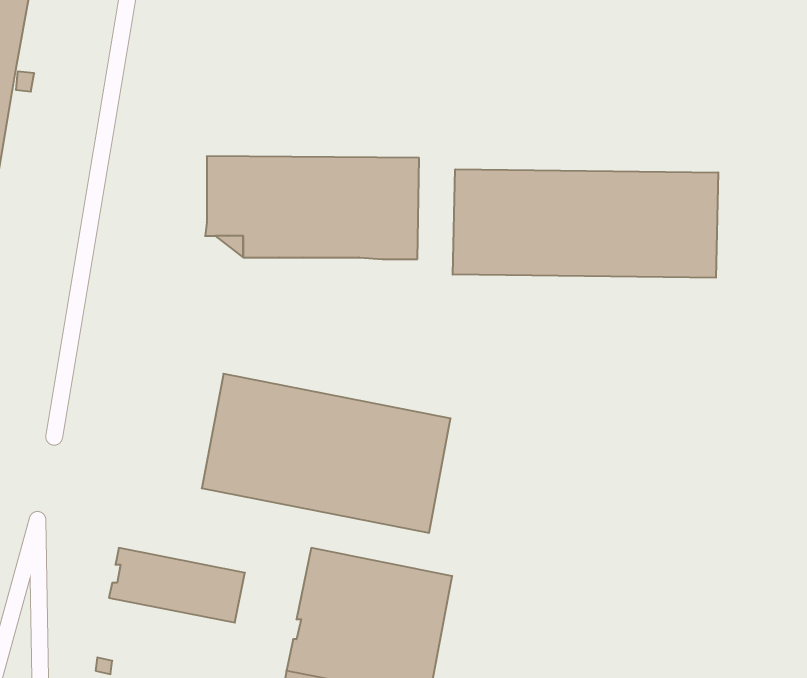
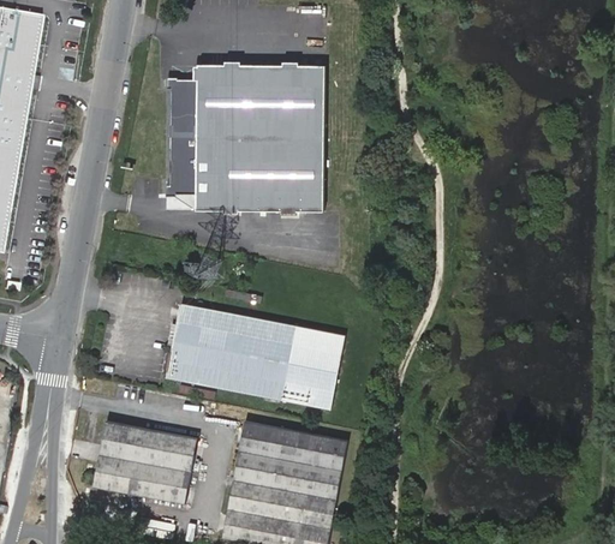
building: none -> [169,66,324,139]
building: [453,169,718,278] -> none
building: none -> [94,458,190,504]

